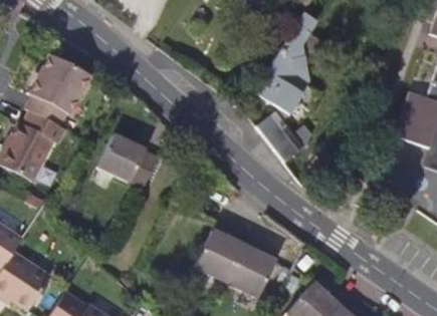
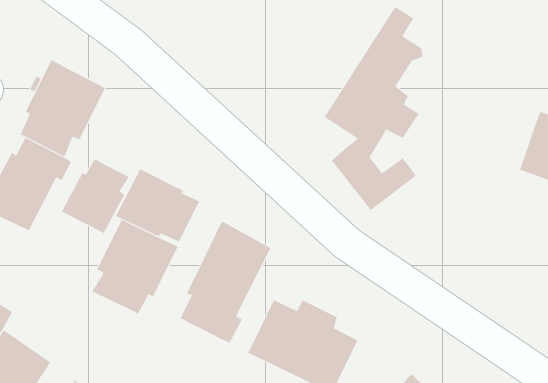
building: none -> [61,159,130,234]
building: none -> [92,219,179,314]
building: none -> [180,221,271,343]

